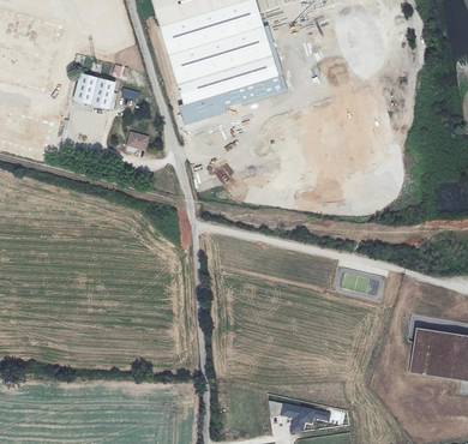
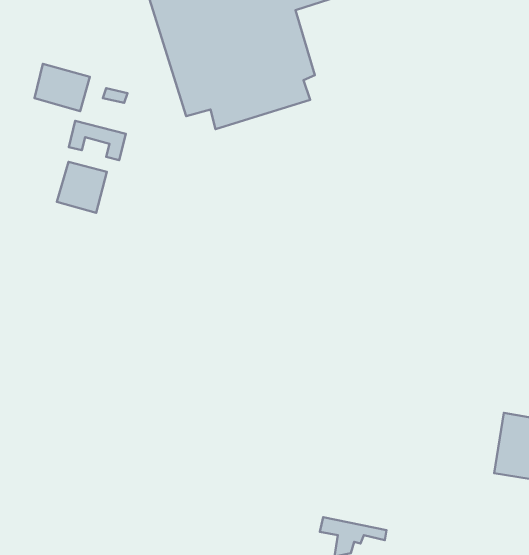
building: none -> [57,162,107,213]

